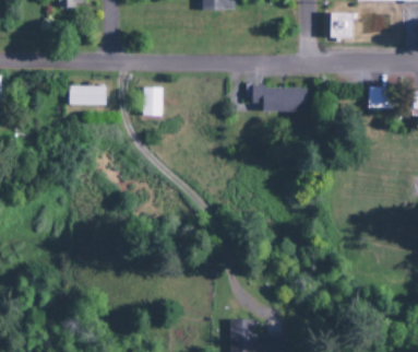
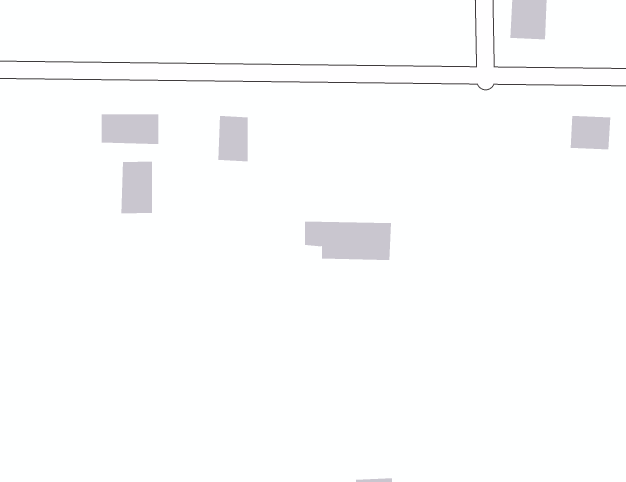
building: [252,86,308,112] -> [304,221,392,261]
building: none -> [121,161,152,214]

